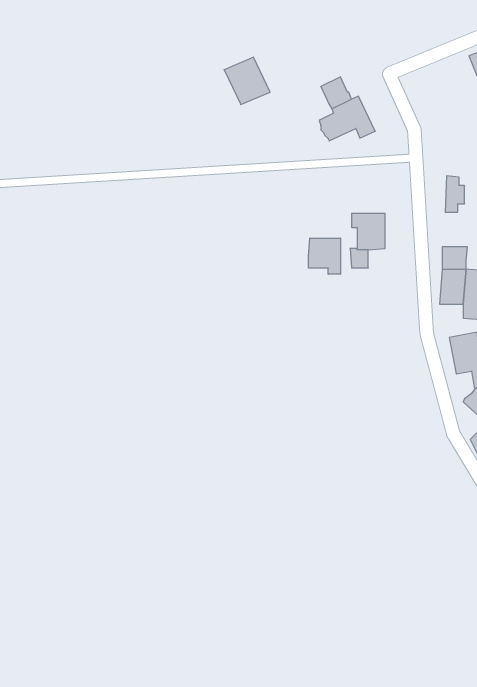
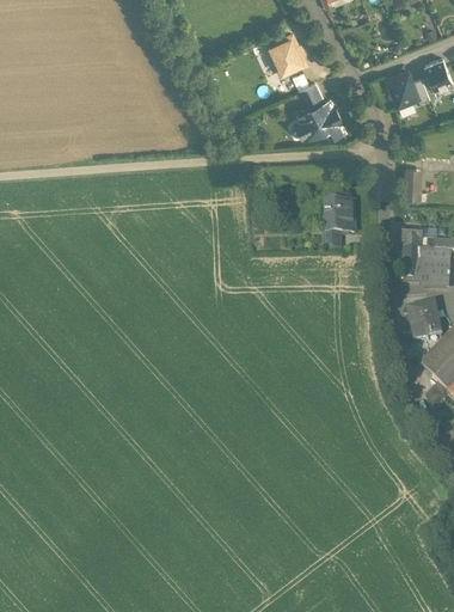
building: [224,57,270,105] -> [268,33,307,74]
building: none -> [388,69,419,105]
building: [309,238,340,274] -> none

